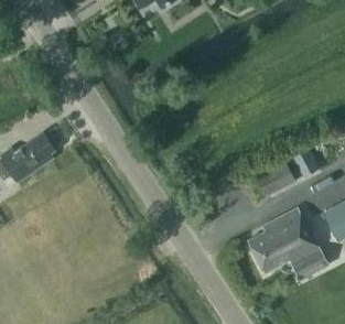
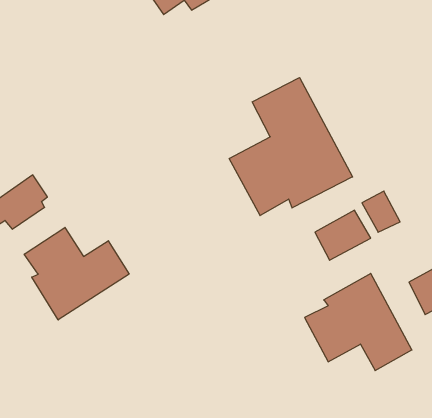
building: none -> [229,78,353,216]
building: none -> [24,227,129,320]

